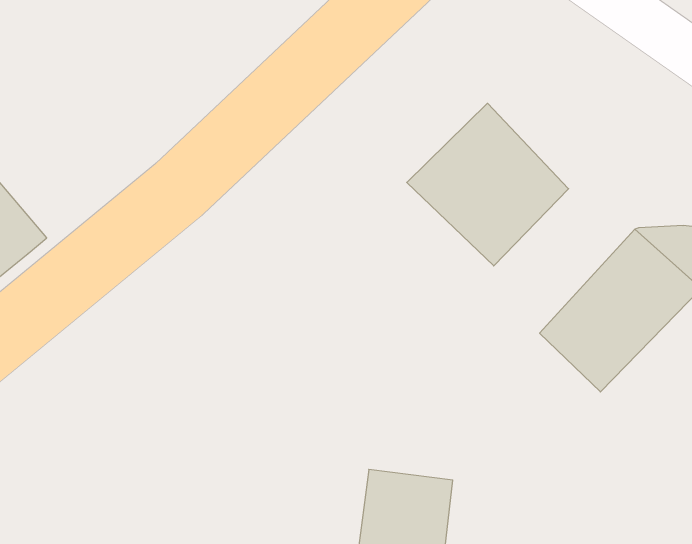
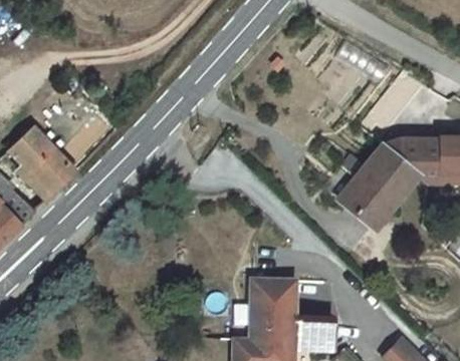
building: [407,103,569,266] -> none

